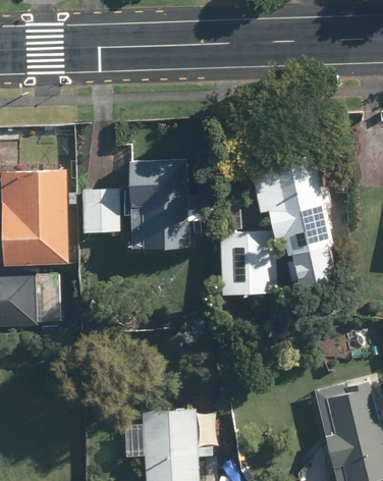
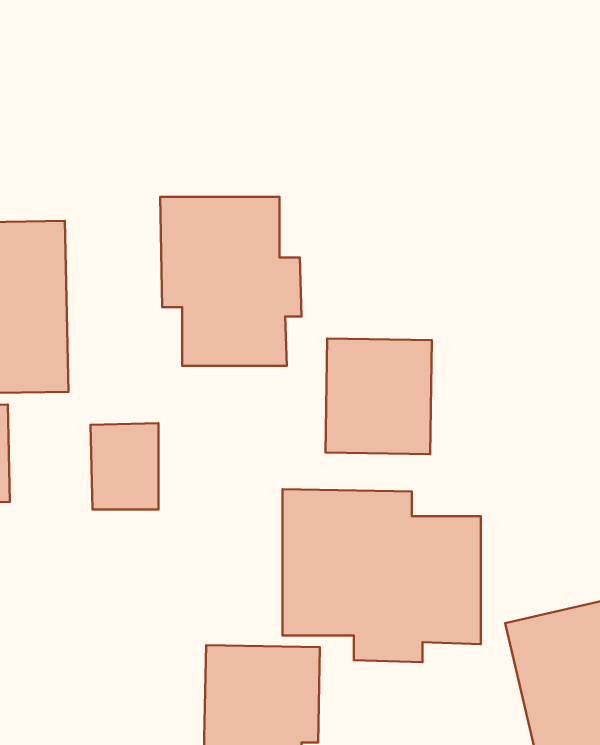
building: [248,149,338,288] -> none
building: [81,191,119,238] -> [91,423,158,509]
building: none -> [283,489,481,662]

